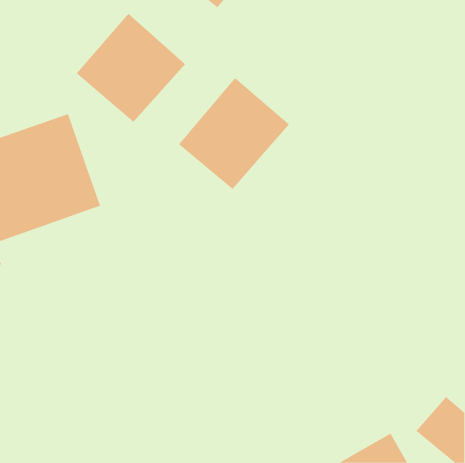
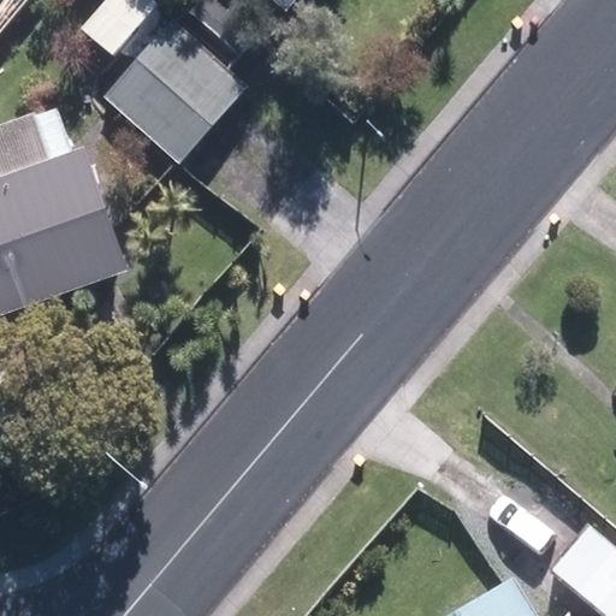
building: [178,77,290,190] -> none

